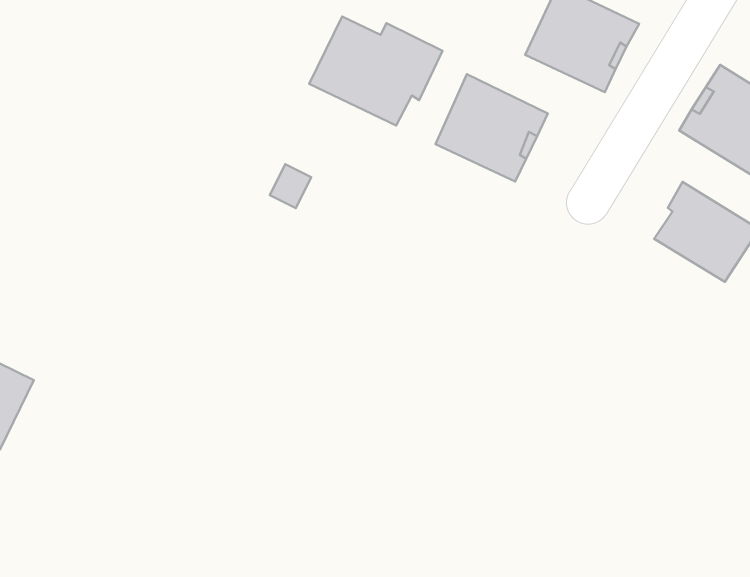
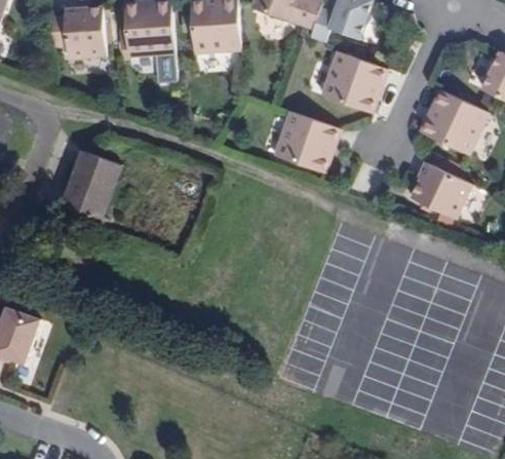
building: [309,16,443,125] -> none
building: none -> [64,153,122,222]

